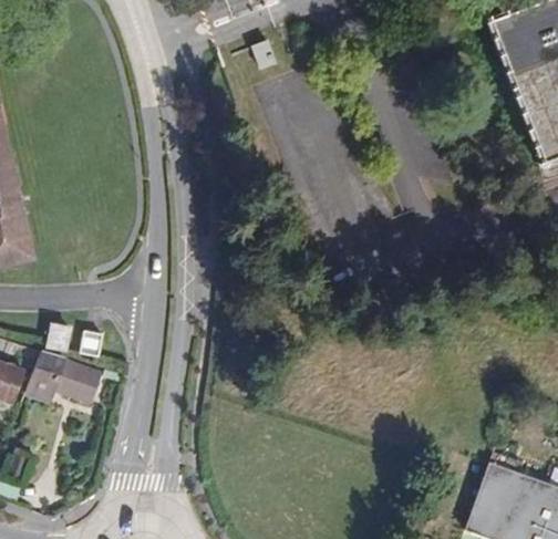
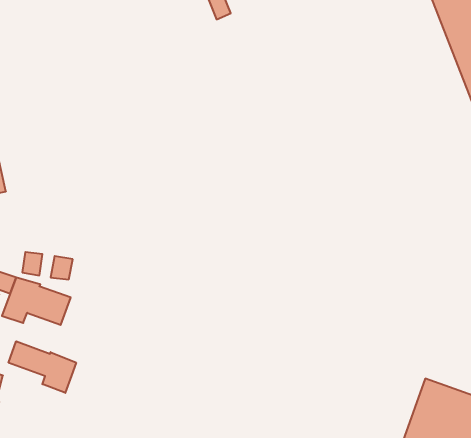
building: none -> [9,341,76,393]

